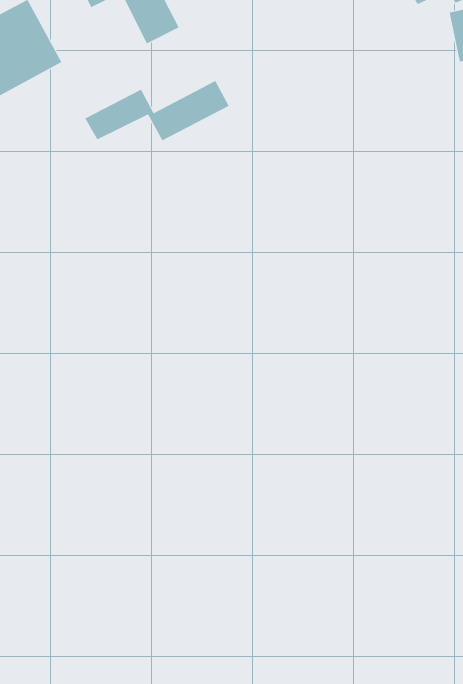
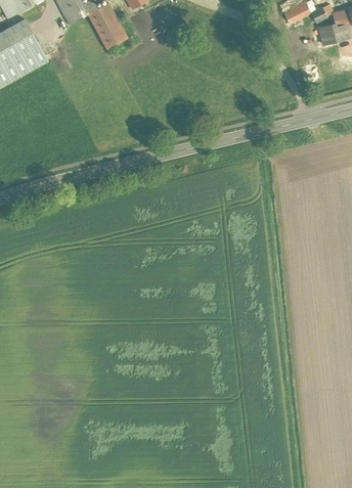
building: [84,80,230,141] -> none

